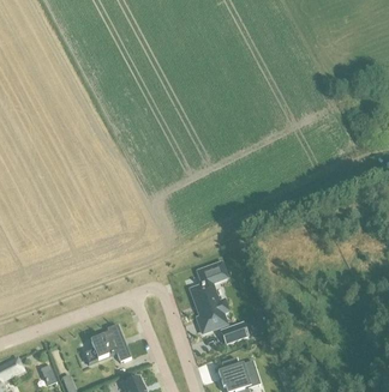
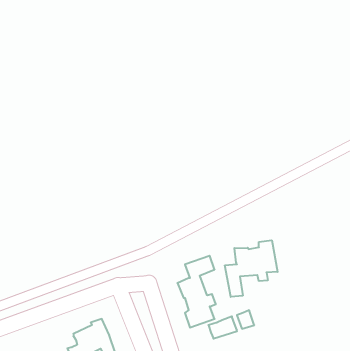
building: none -> [225,240,278,297]

